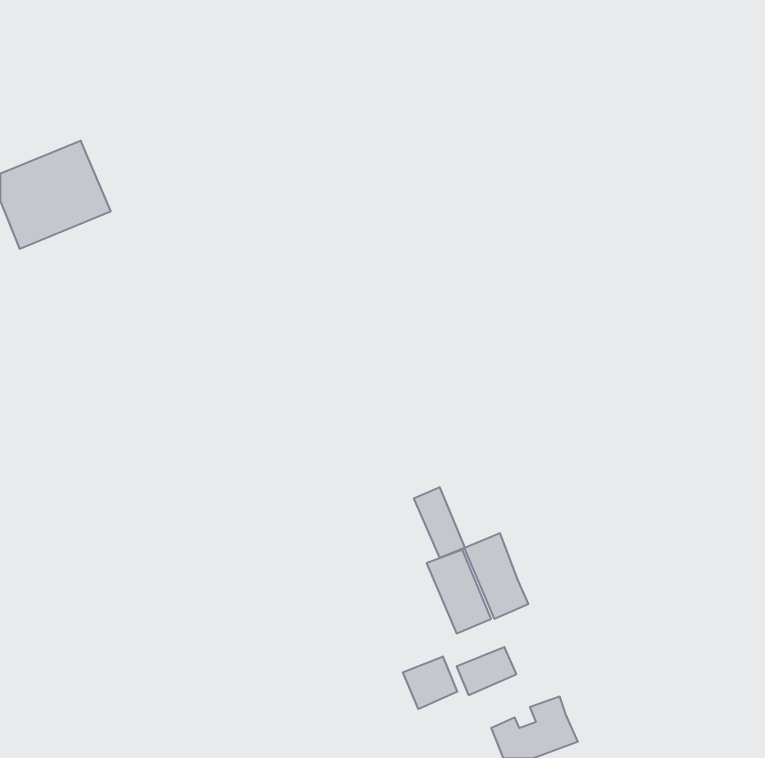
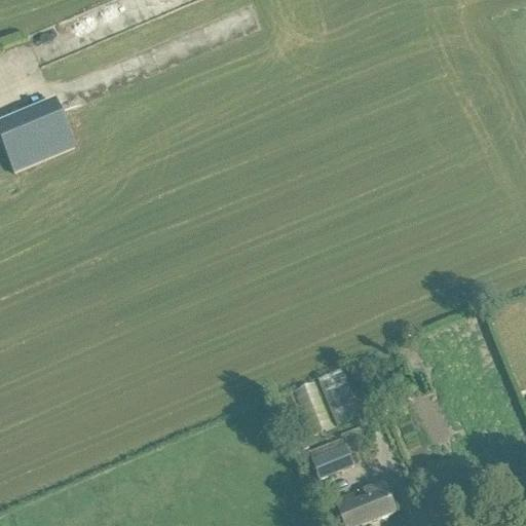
building: [414,487,465,558] -> none
building: [403,656,457,709] -> none

